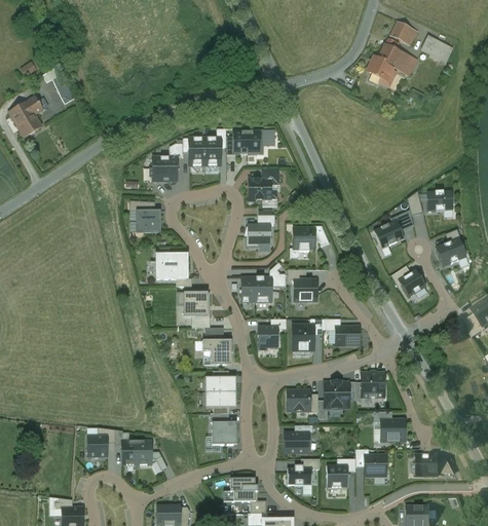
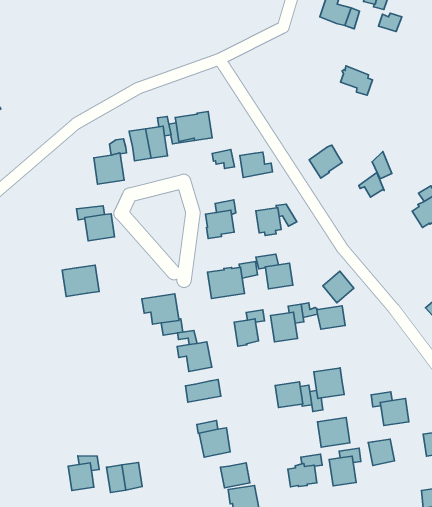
building: [366,57,396,86] -> [340,66,373,95]
building: [249,180,276,200] -> [240,152,273,178]
building: [426,191,452,212] -> none
building: [373,221,403,250] -> [309,145,342,178]
building: [156,255,187,279] -> [62,265,99,296]
building: [398,269,425,298] -> [323,271,354,303]
building: [361,373,383,398] -> none
building: [204,392,235,409] -> none
building: [284,429,310,453] -> [317,417,350,447]
building: none -> [220,463,250,488]

